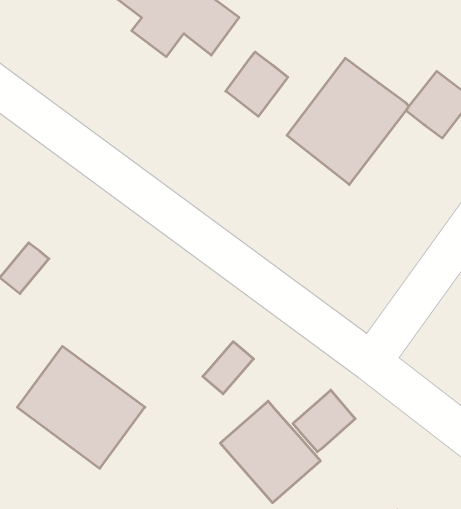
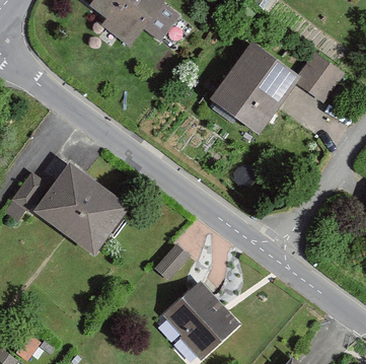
building: [226,52,288,116] -> none
building: [17,346,145,468] -> [36,166,126,251]
building: [293,390,355,452] -> none

